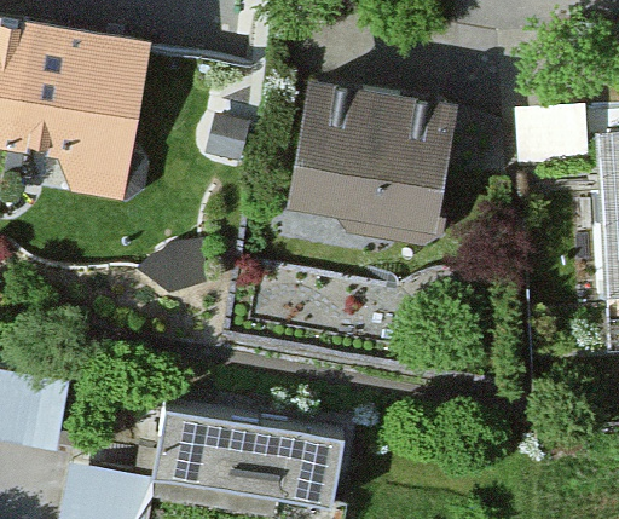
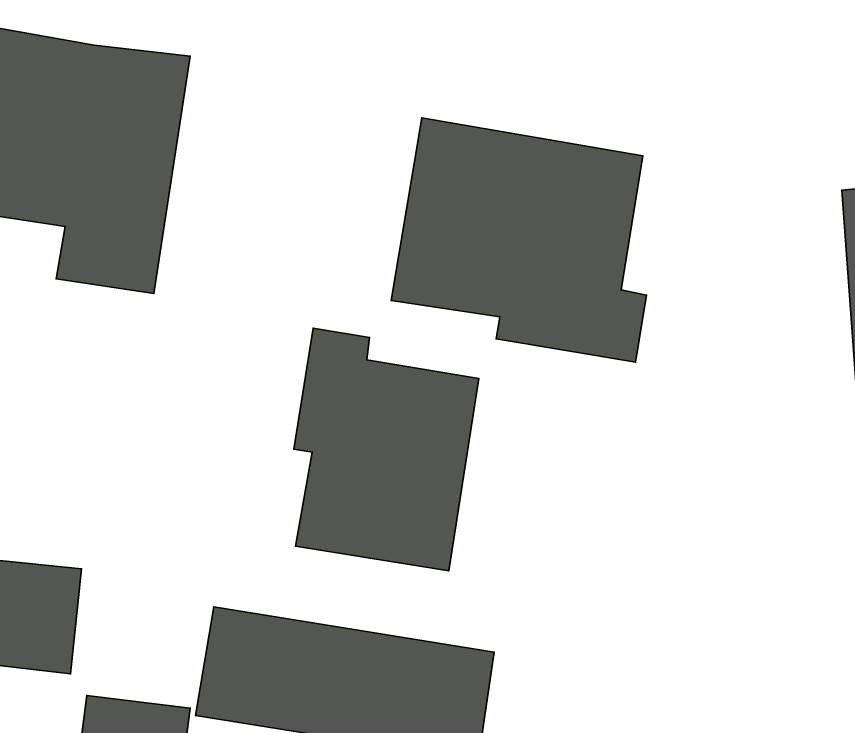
building: none -> [294,328,479,571]

